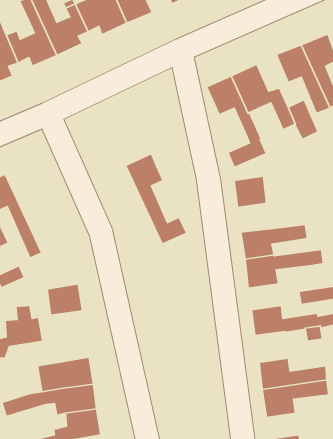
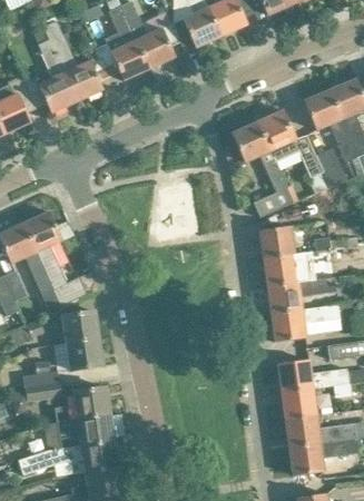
building: [126,154,187,244] -> [23,212,87,305]
building: none -> [264,254,297,284]
building: none -> [62,311,99,343]
building: none -> [55,386,110,422]
building: none -> [282,386,316,419]

